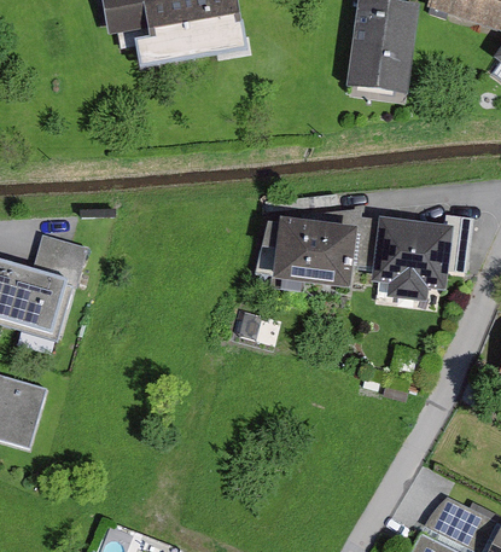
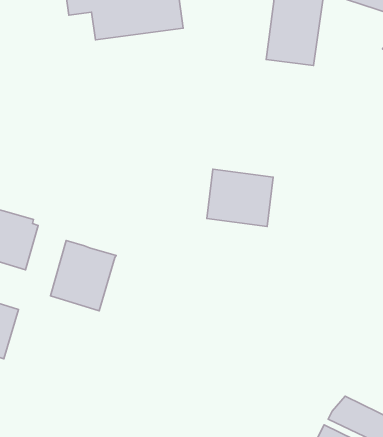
building: [374,215,449,298] -> none
building: [30,234,86,287] -> none
building: none -> [50,241,116,311]

